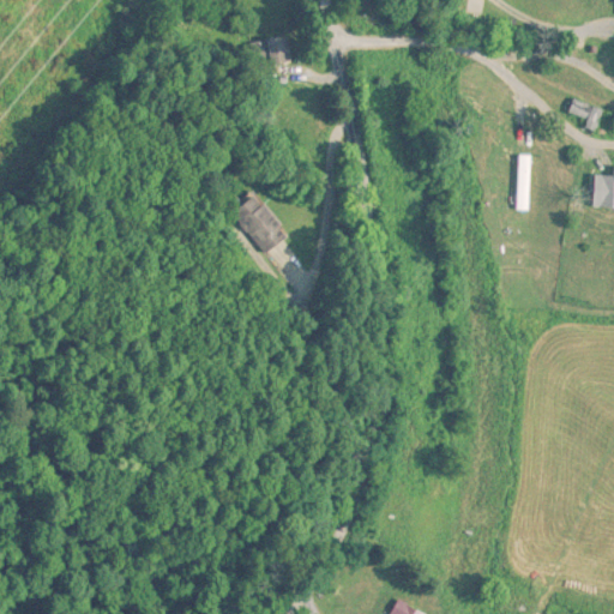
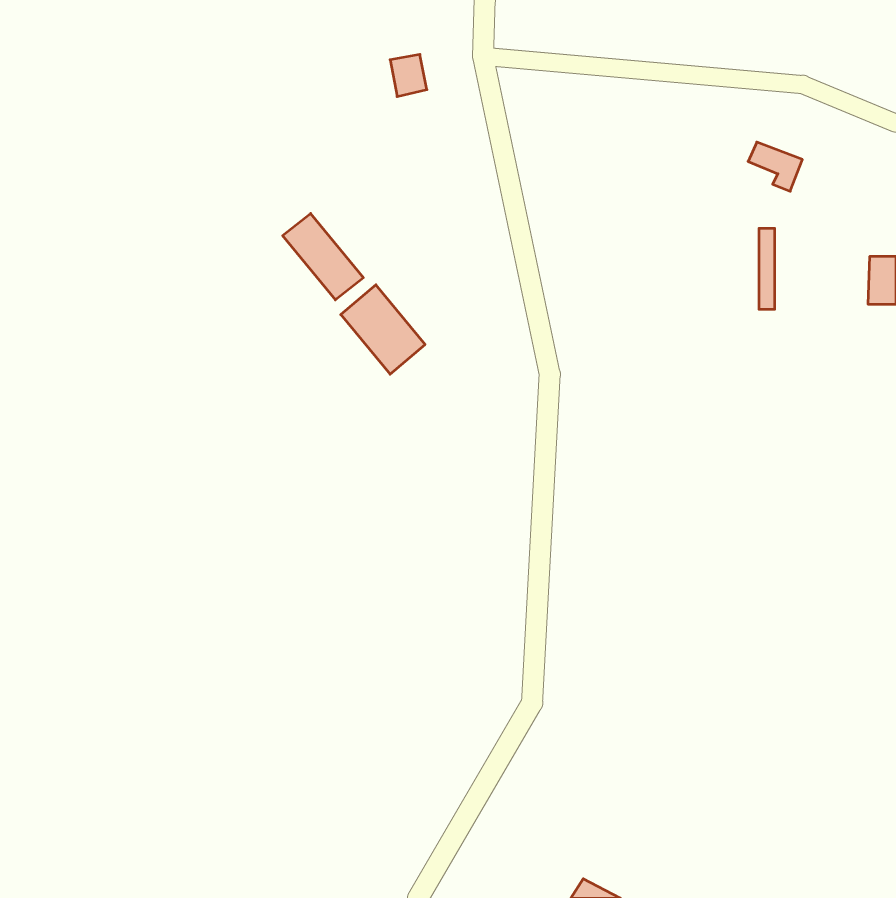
building: [567,100,604,133] -> [748,142,802,191]
building: none -> [283,213,363,300]

